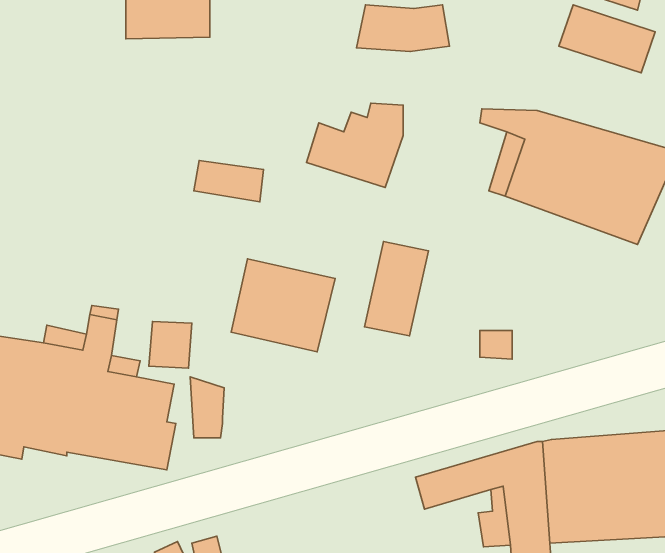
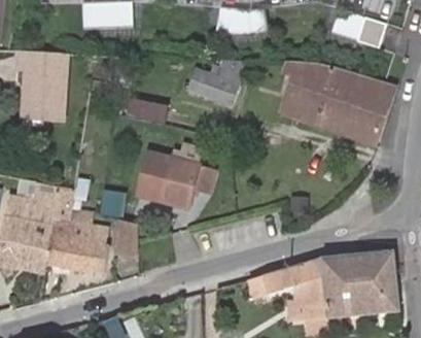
building: none -> [14,55,68,127]
building: [364,242,429,336] -> none

